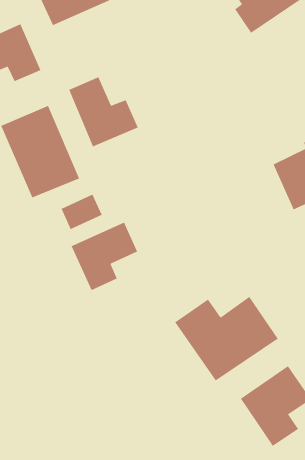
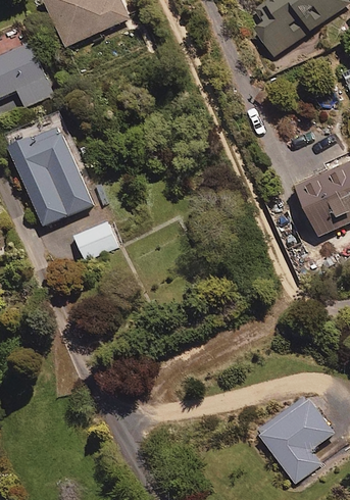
building: [68,76,139,148] -> none
building: [70,222,138,291] -> none
building: [174,296,279,382] -> none

